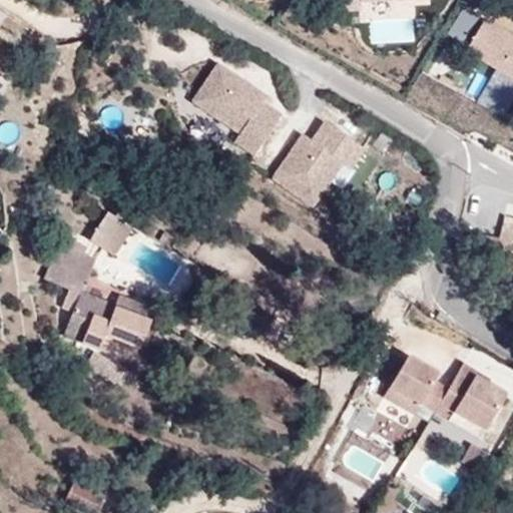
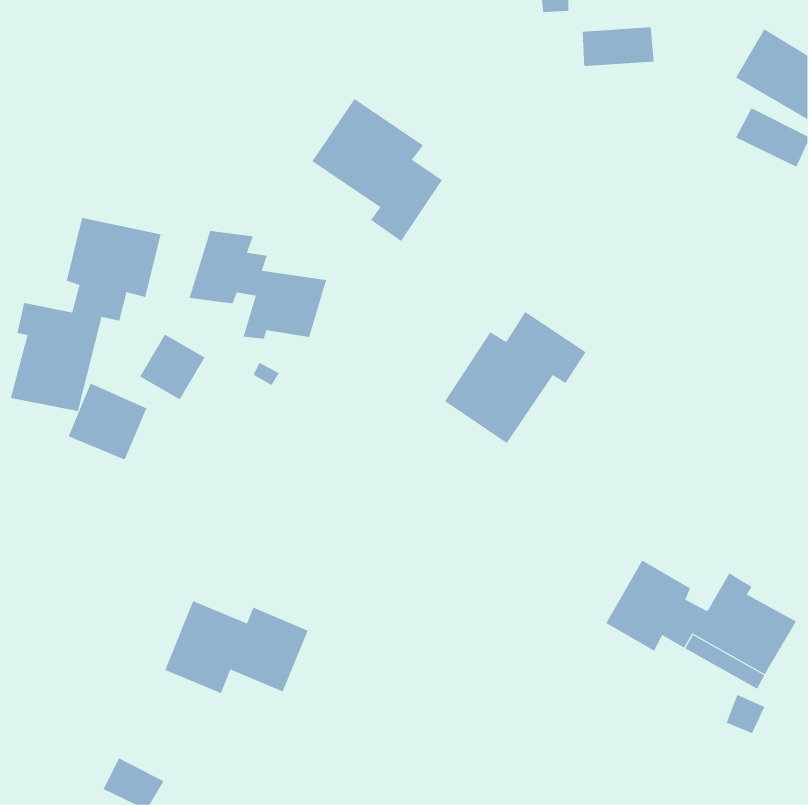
building: [274,120,364,204] -> [444,311,586,444]
building: none -> [10,217,161,412]
building: none -> [189,230,327,339]
building: [62,290,153,349] -> [164,601,308,694]

